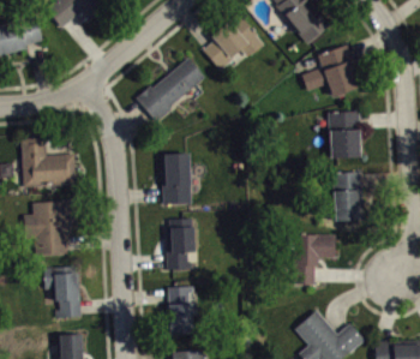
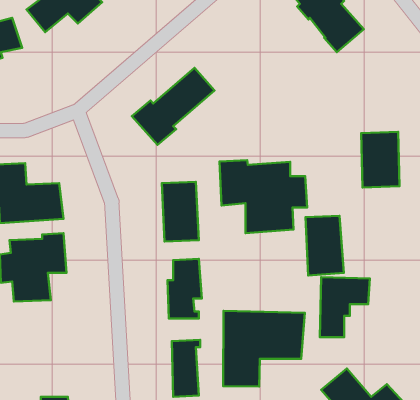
building: [204,17,264,70] -> none
building: [302,44,360,97] -> none
building: none -> [220,160,307,233]
building: [332,172,365,222] -> [305,216,344,276]
building: none -> [223,311,305,386]
building: [44,267,83,318] -> none

